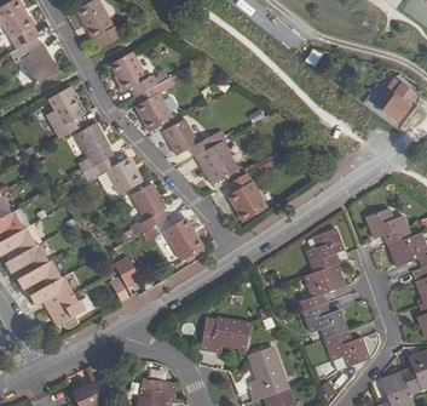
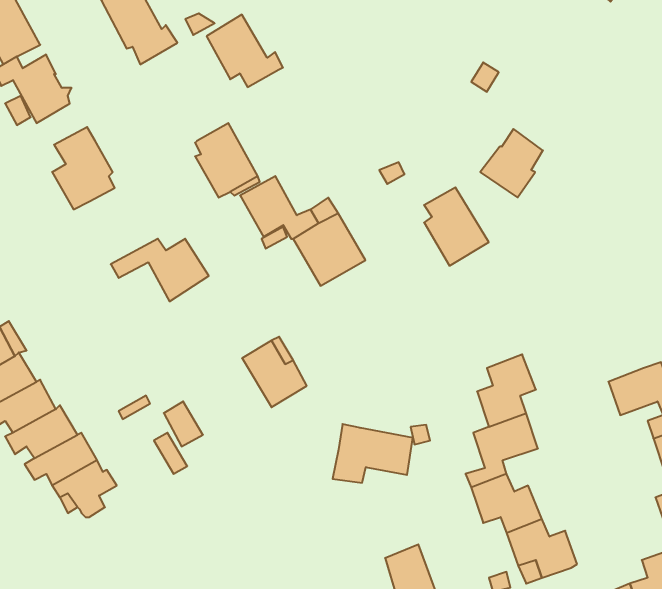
building: [109,50,156,95] -> [207,15,283,87]
building: [371,78,410,120] -> [480,129,543,197]
building: [74,120,112,171] -> none
building: [226,172,266,221] -> [424,187,489,266]
building: [129,182,167,230] -> none
building: [367,207,410,244] -> none
building: [201,314,250,350] -> [333,424,413,483]

